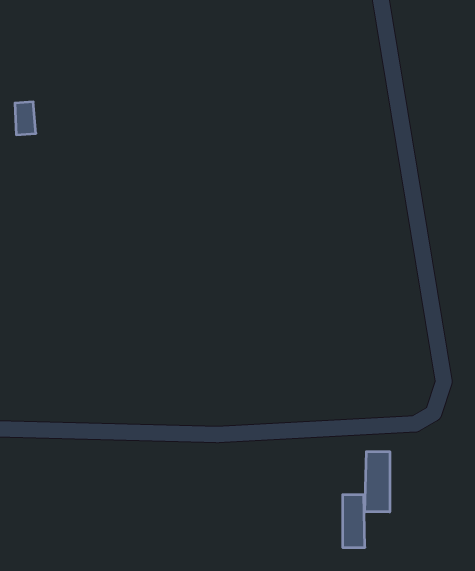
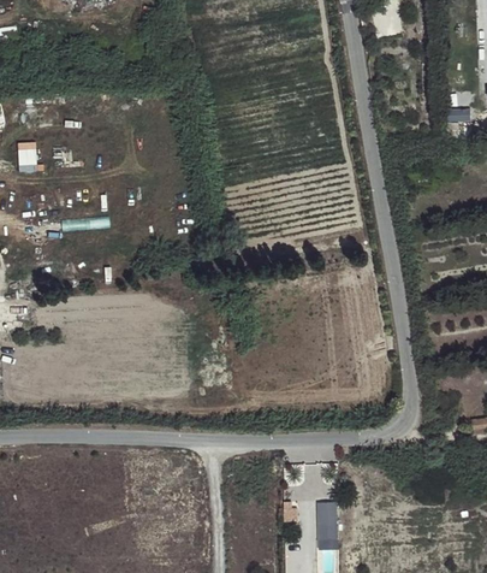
building: [365,452,390,512] -> none

